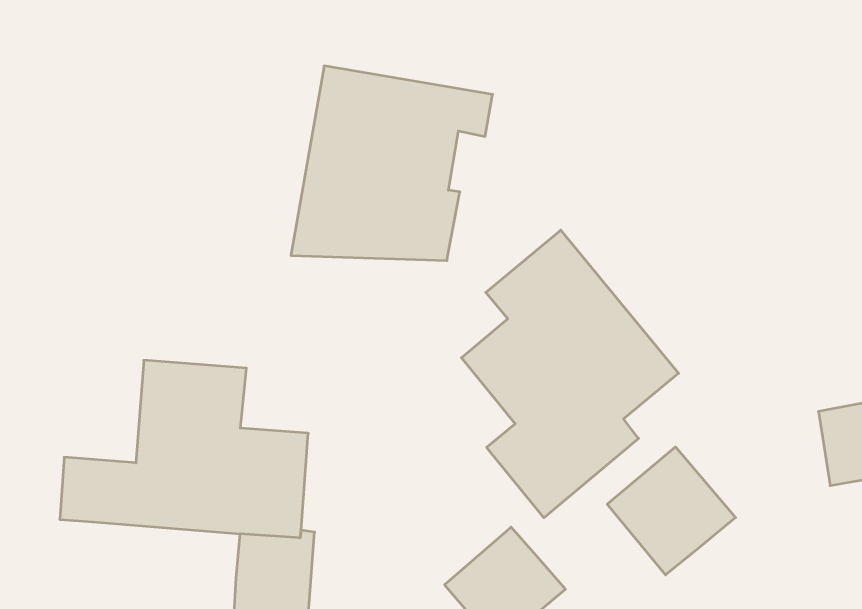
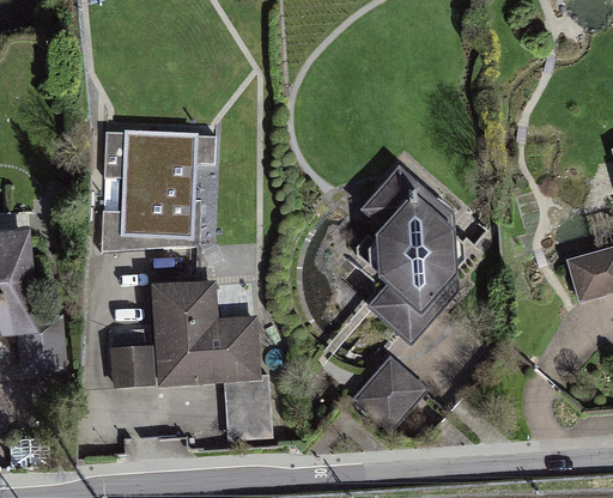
building: [291,66,493,261] -> [104,132,214,250]
building: [607,447,736,575] -> none

